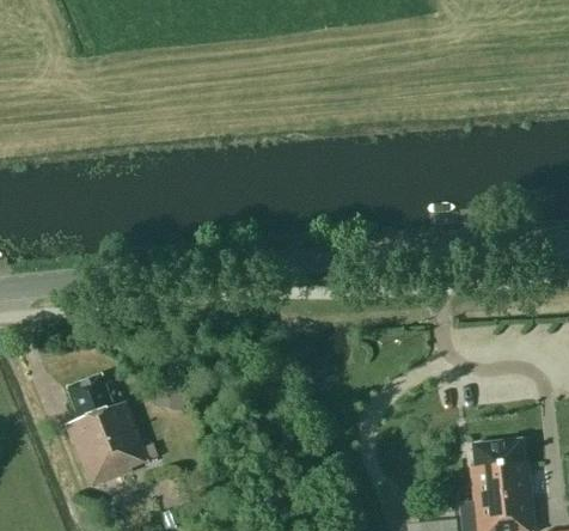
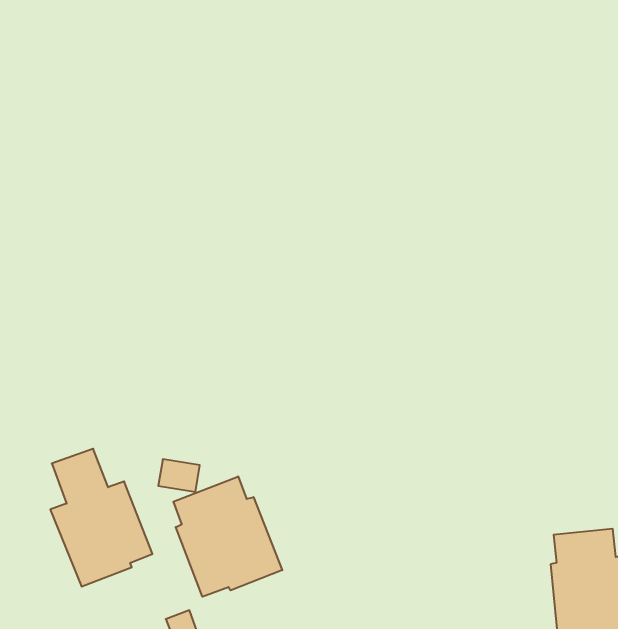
building: none -> [173,476,282,597]

